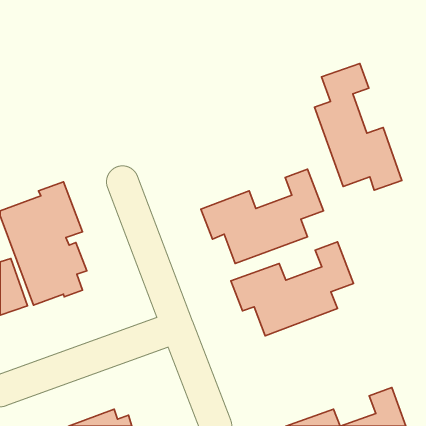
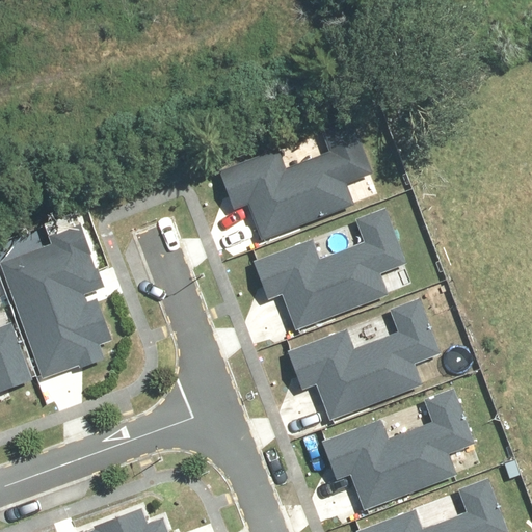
building: [314,64,402,190] -> none
building: none -> [224,123,374,238]
building: none -> [322,391,474,508]

